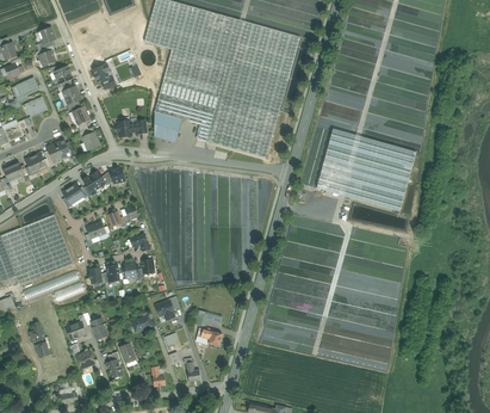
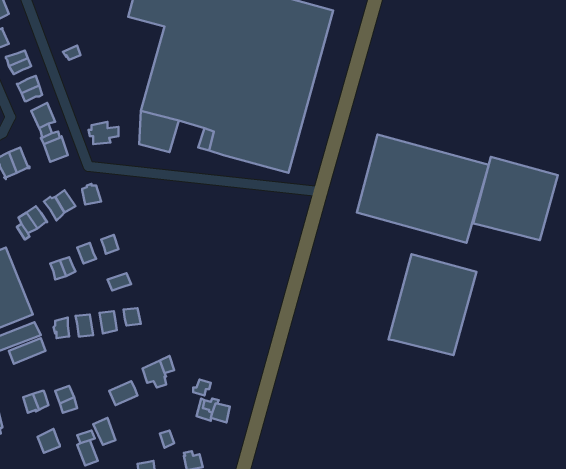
building: none -> [473,157,558,240]
building: none -> [389,254,476,355]

